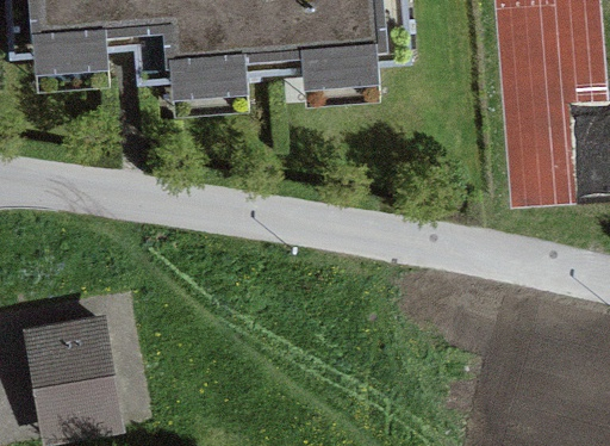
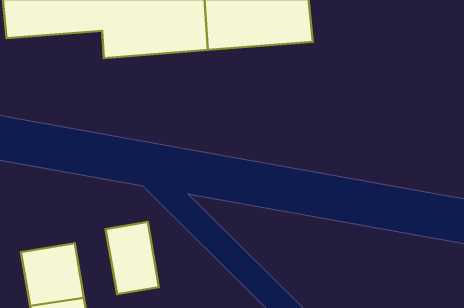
building: none -> [106,222,159,294]

